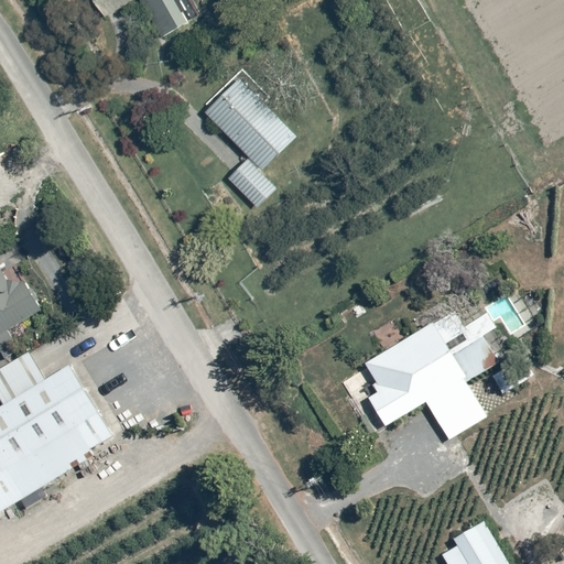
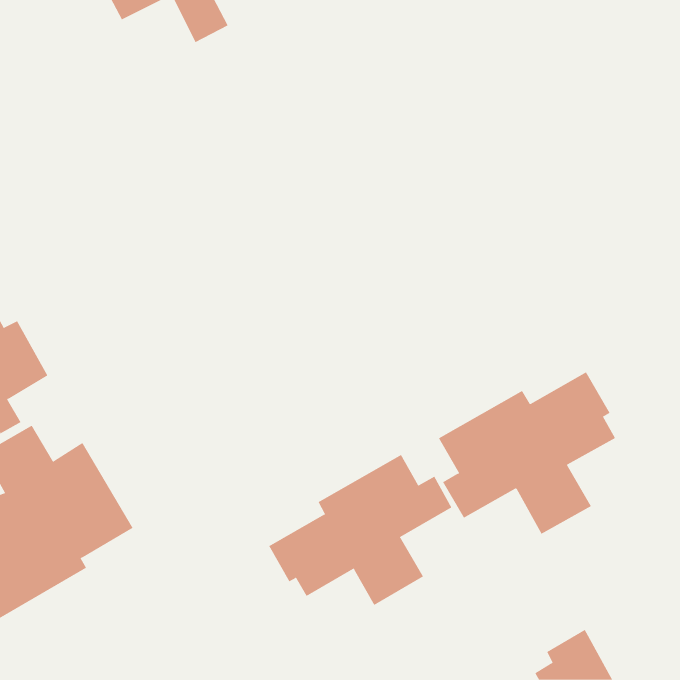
building: [203,70,299,206] -> none
building: none -> [269,454,452,606]

